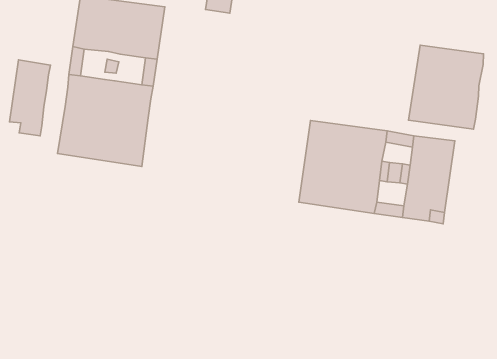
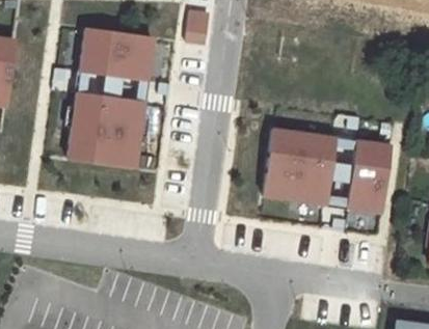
building: [409,45,484,129] -> none
building: [10,60,50,136] -> none

